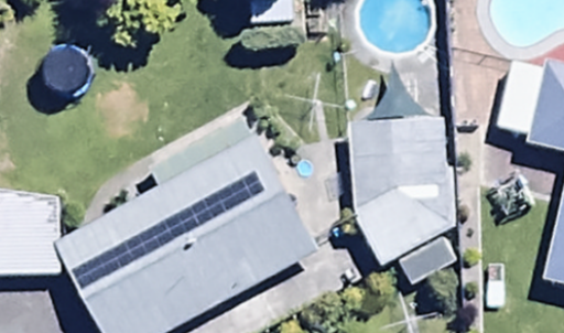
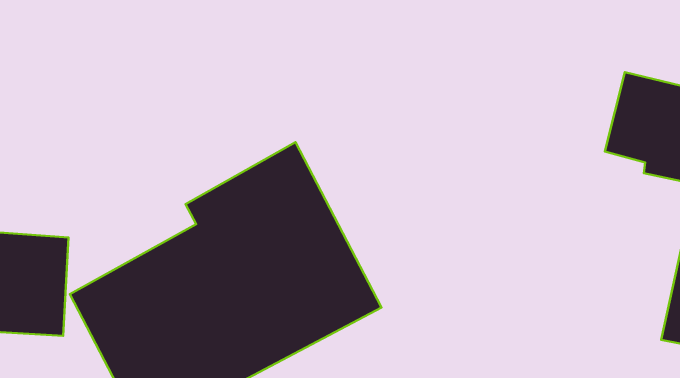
building: [350,121,455,281] -> none

